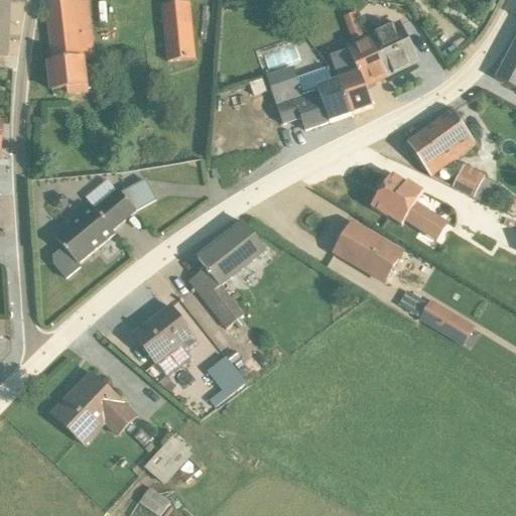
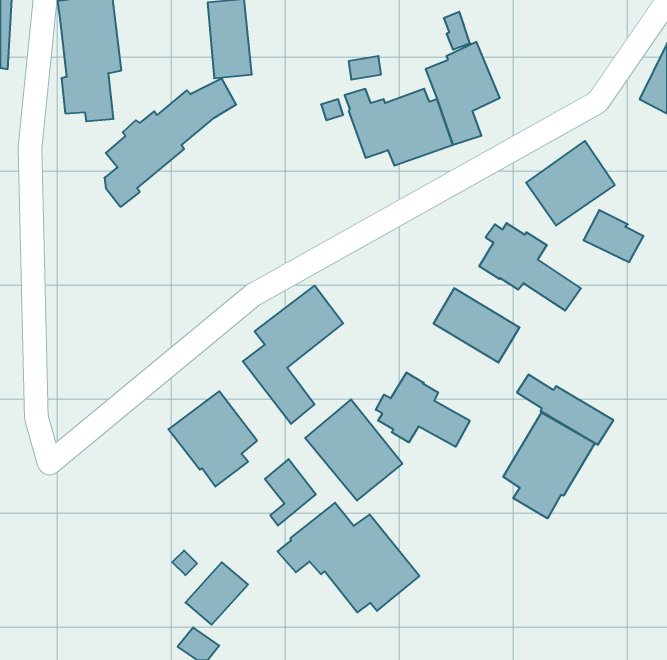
building: [368,18,418,76] -> none
building: [52,177,154,276] -> [104,79,236,206]
building: none -> [376,372,470,447]
building: none -> [305,399,402,501]
building: none -> [503,413,595,518]
building: [51,372,136,443] -> none
building: none -> [278,503,419,612]

